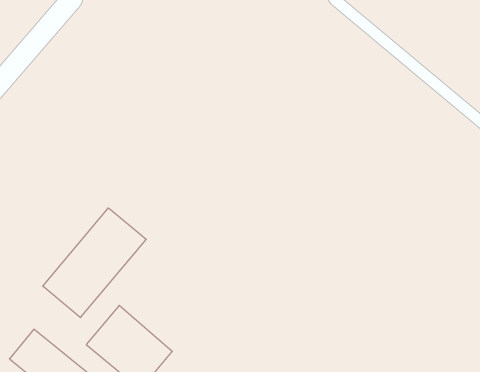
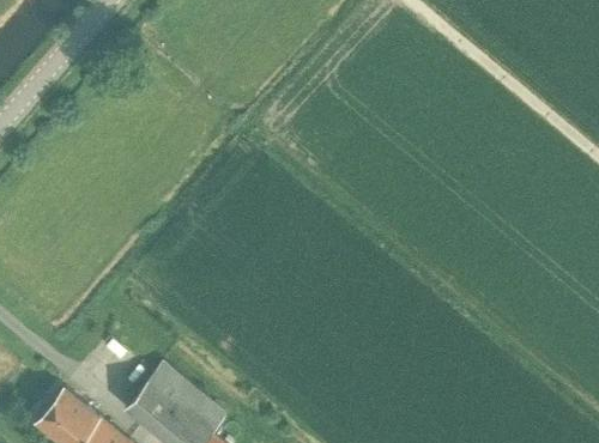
building: [43,208,146,318] -> none

